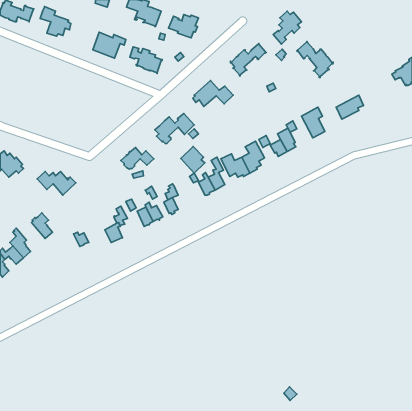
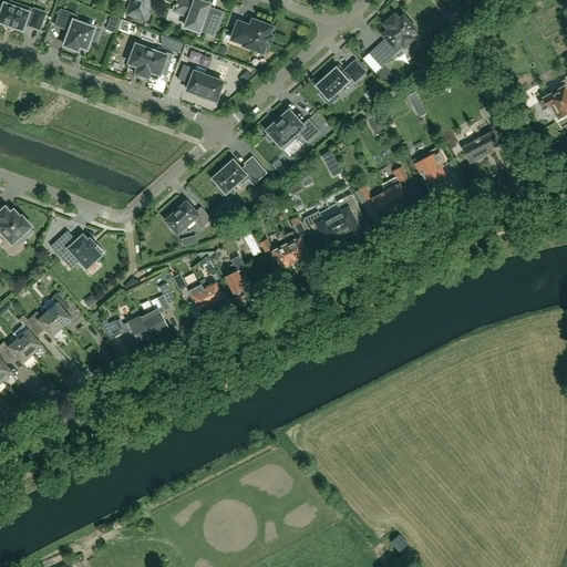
building: [297,41,333,77] -> none
building: [181,146,205,173] -> none
building: none -> [23,311,62,337]
building: none -> [122,315,153,342]

